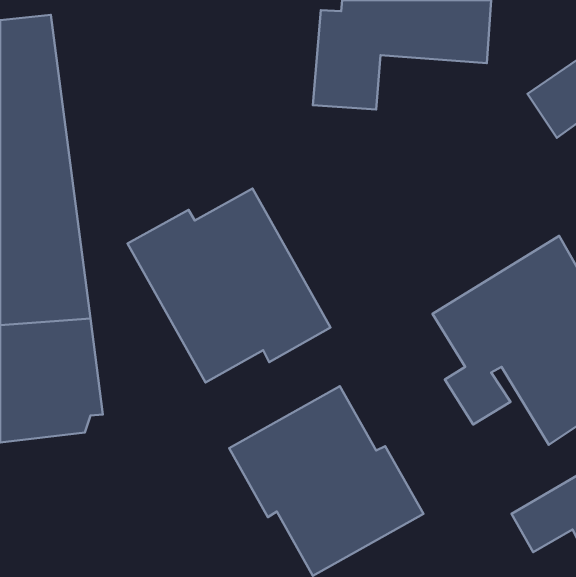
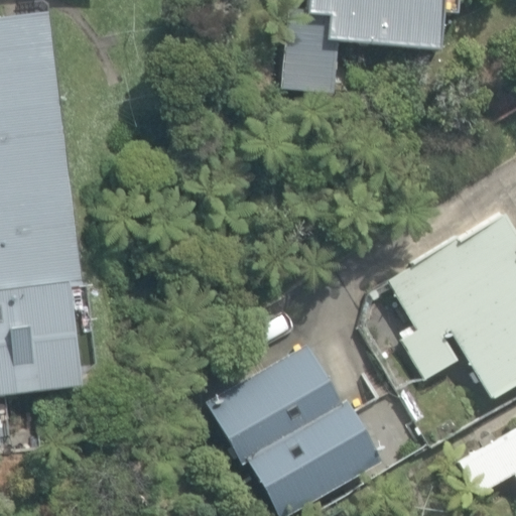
building: [128,188,330,382] -> none

